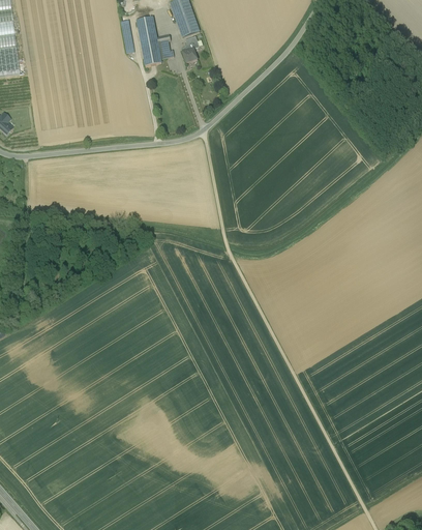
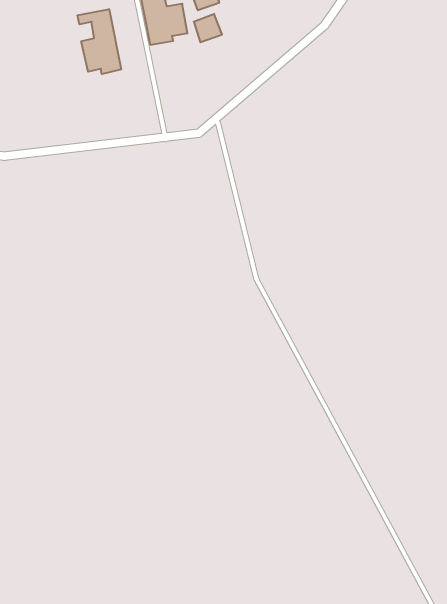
building: none -> [77,9,121,74]

